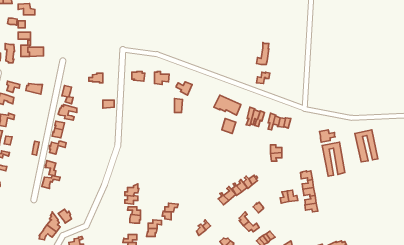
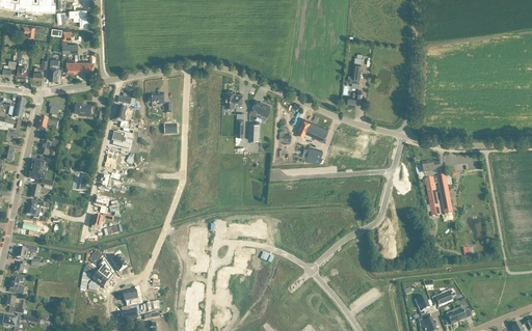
building: [355,130,378,162] -> none

